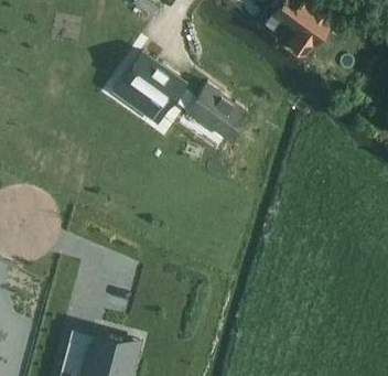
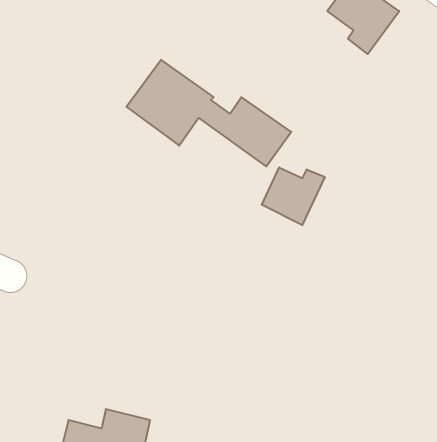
building: none -> [262,167,325,225]

